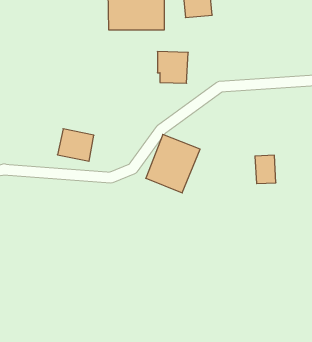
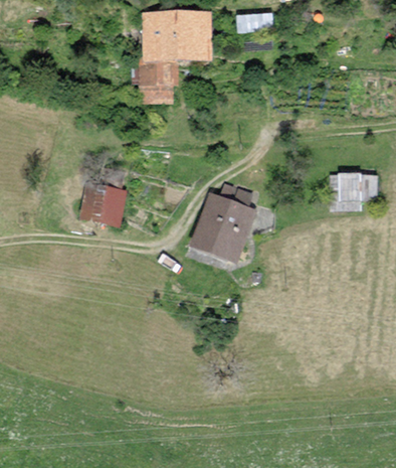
building: [157,52,188,83] -> [139,62,177,102]
building: [255,155,276,184] -> [343,165,369,200]

